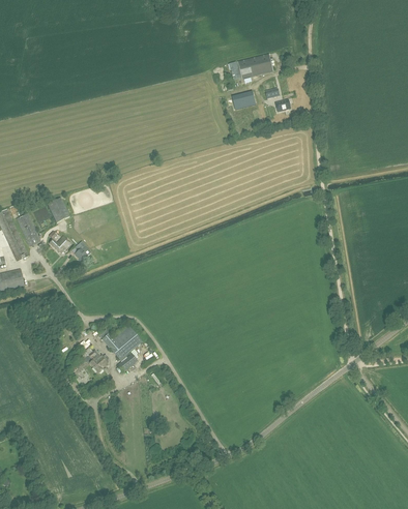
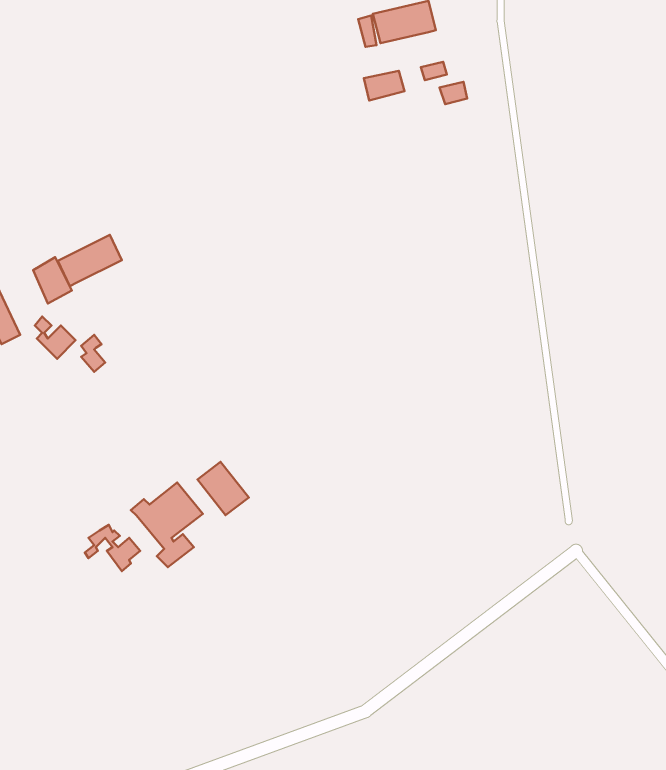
building: none -> [58,235,122,286]
building: none -> [197,462,249,515]

